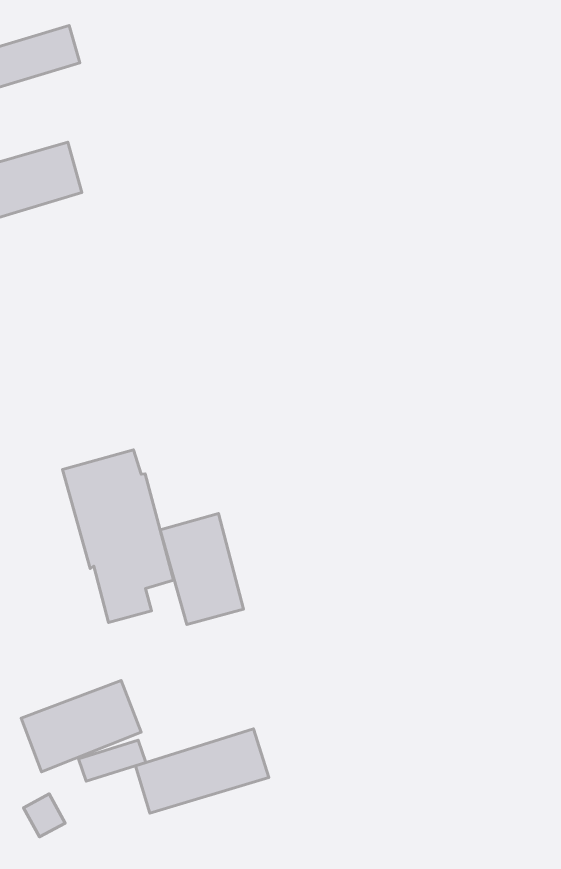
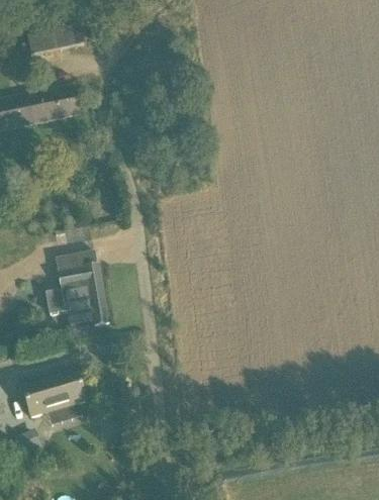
building: [160,513,244,625] -> none
building: [135,729,269,813] -> none

